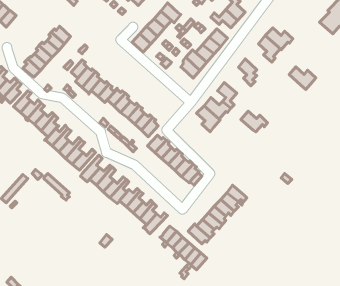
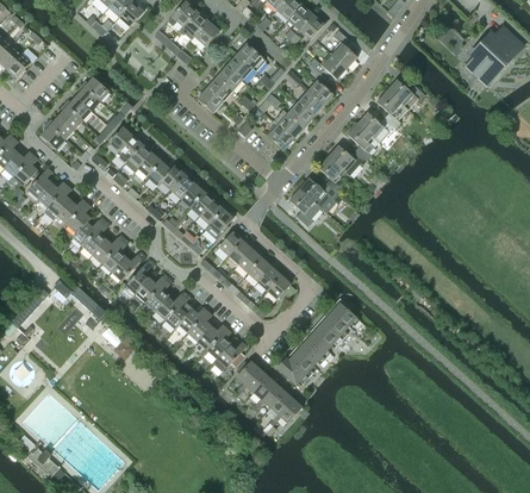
building: [289,67,316,89] -> [357,111,395,143]
building: [241,111,267,132] -> [328,143,366,173]

